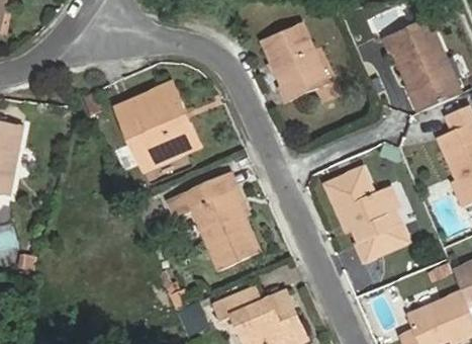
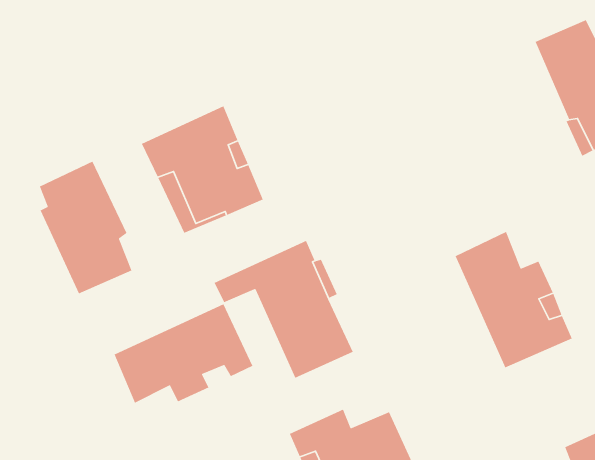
building: [267,26,331,100] -> none
building: none -> [39,160,133,295]
building: none -> [113,303,254,404]

